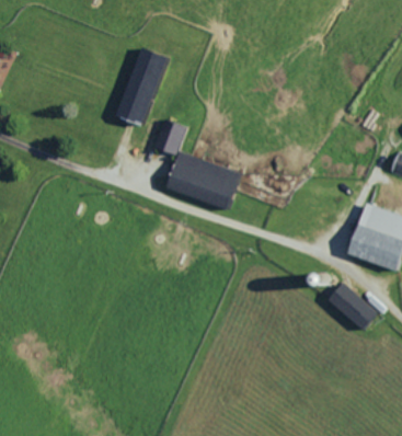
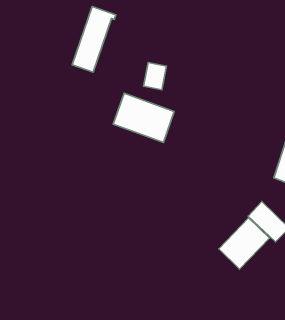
building: [159,122,186,154] -> [144,63,166,90]
building: none -> [219,218,269,269]

